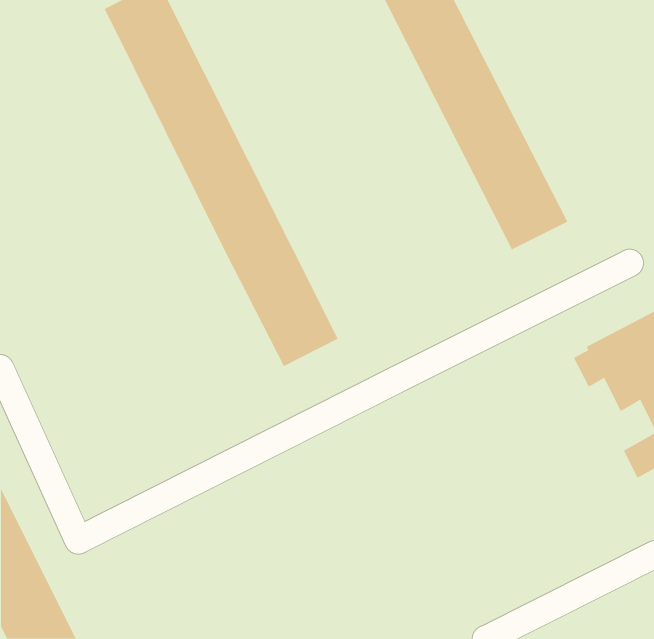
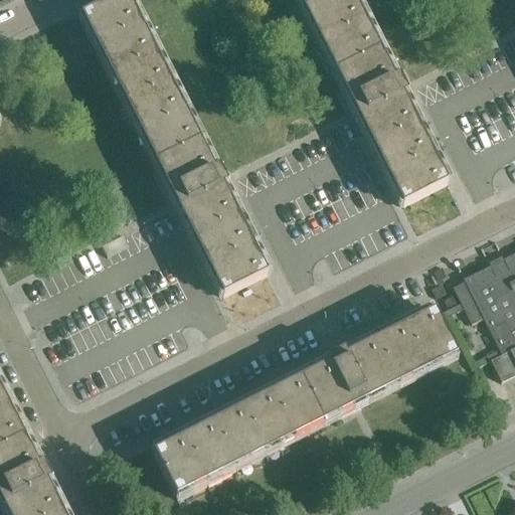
building: none -> [155,303,457,489]

